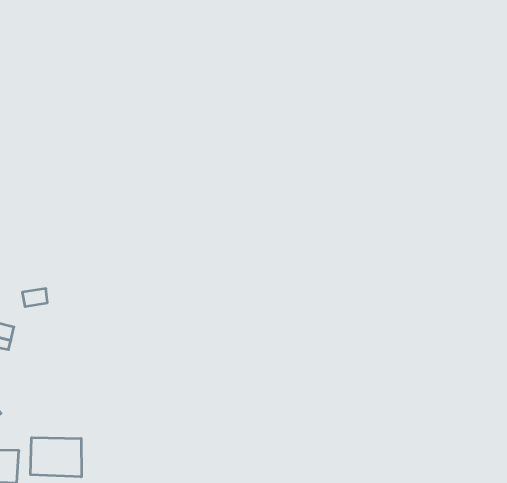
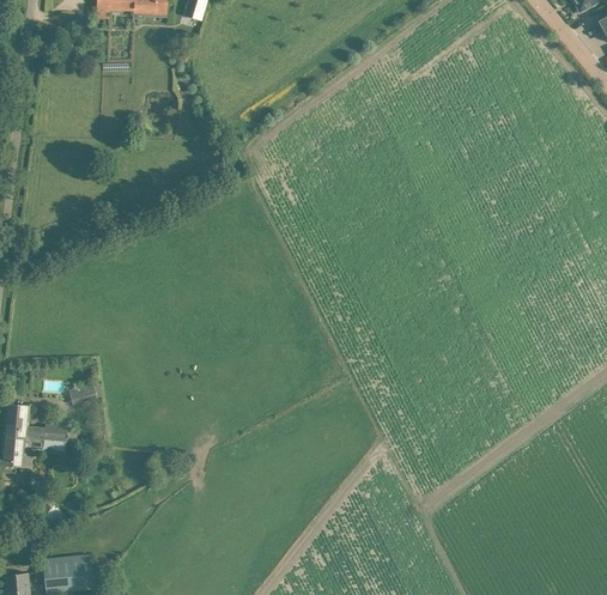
building: [31,438,81,477] -> none

